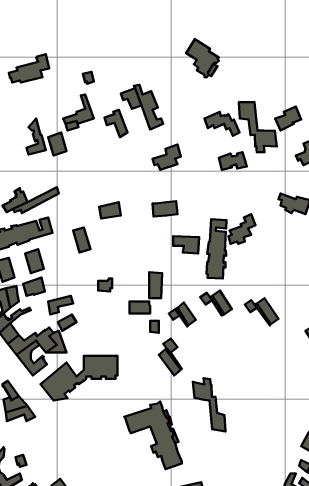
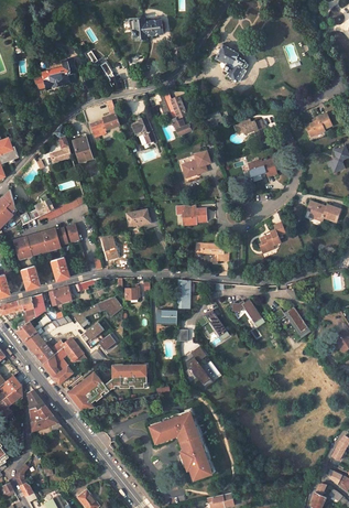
building: none -> [130,19,161,39]
building: [239,102,277,152] -> none
building: [207,219,226,279] -> none
building: [193,378,225,432] -> none

